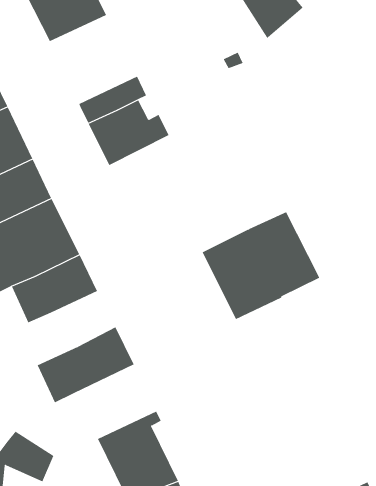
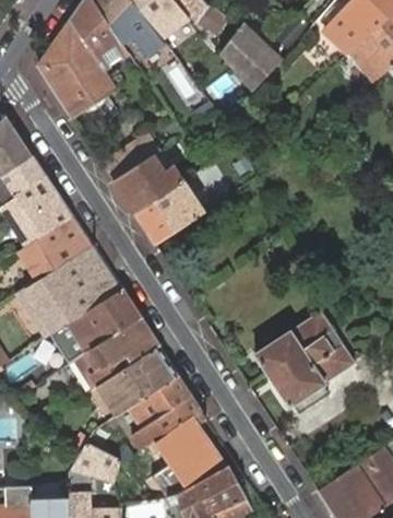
building: none -> [135,183,203,245]
building: [202,211,320,320] -> [254,311,355,407]
building: none -> [75,319,158,389]
building: none -> [131,376,201,450]

